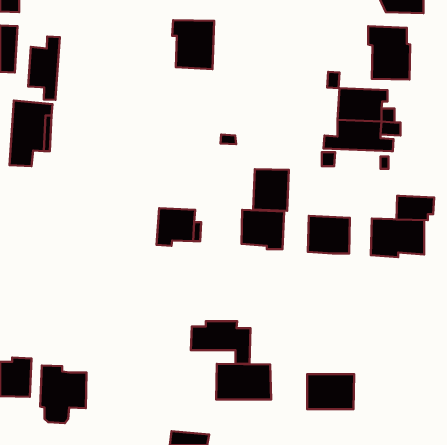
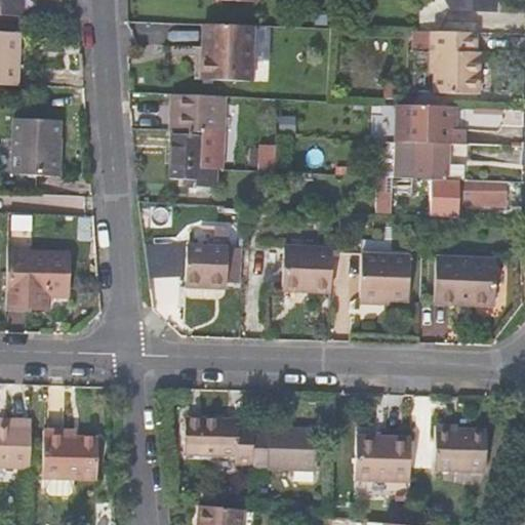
building: [28,37,60,100] -> none
building: none -> [172,92,226,131]
building: none -> [170,133,214,188]
building: [253,169,289,211] -> none
building: [396,196,434,220] -> [457,177,501,206]
building: none -> [6,250,68,307]
building: [191,321,250,364] -> [185,418,254,469]
building: none -> [437,425,489,470]

